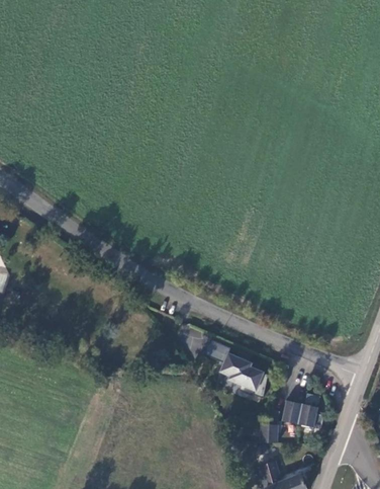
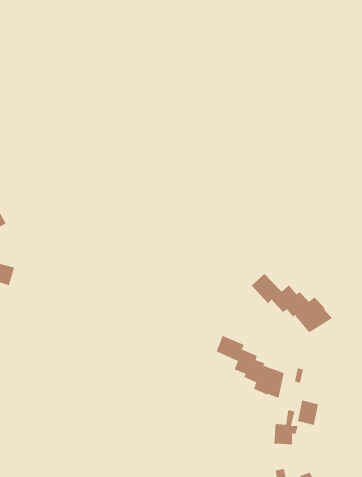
building: none -> [251,273,333,333]
building: [297,393,323,427] -> none

